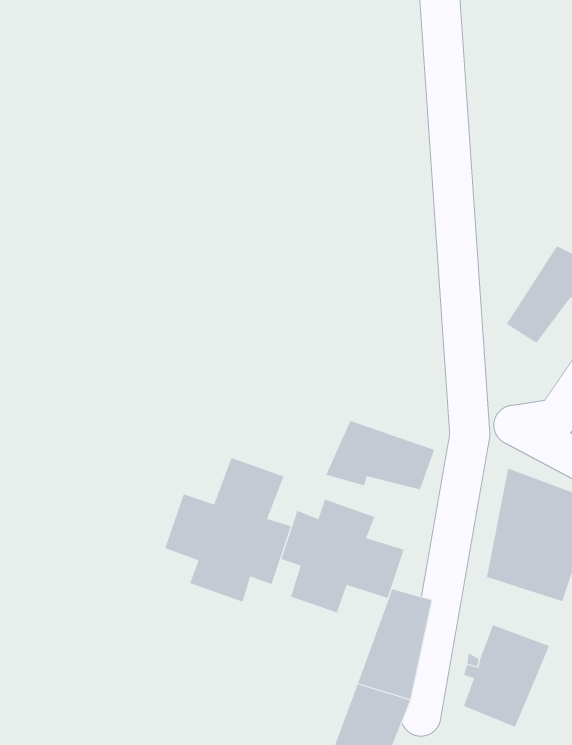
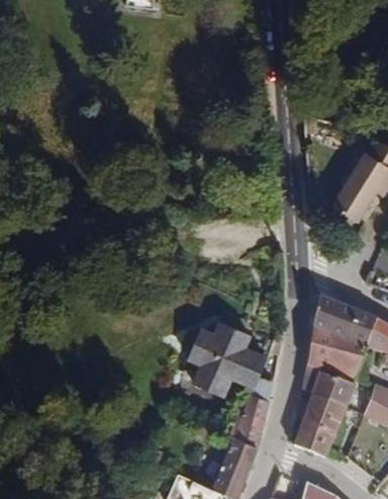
building: [326,420,435,490] -> none
building: [164,457,291,602] -> none
building: none -> [312,372,357,407]

